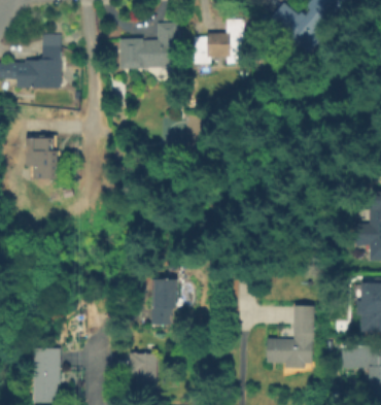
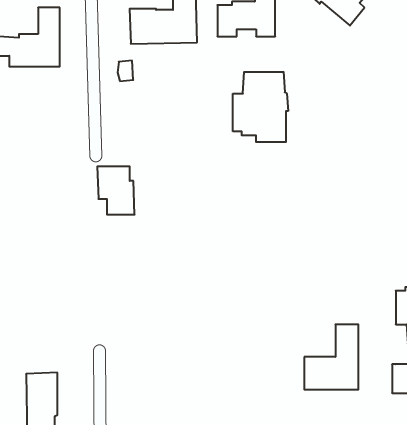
building: none -> [233,72,288,142]
building: [26,139,58,180] -> [97,166,135,215]
building: [150,280,175,326] -> none
building: [130,355,158,387] -> none

